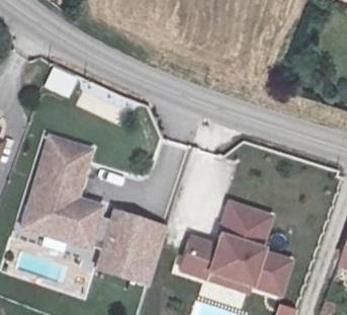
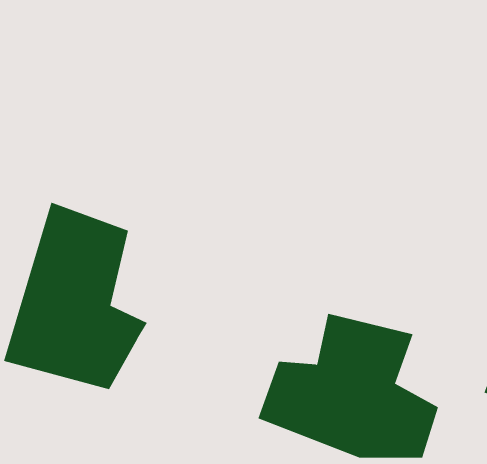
building: [86,212,170,289] -> none

